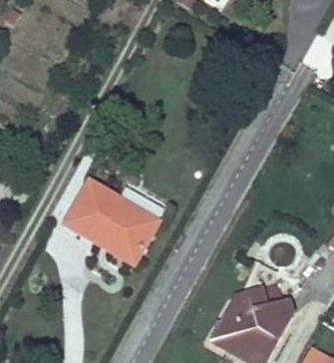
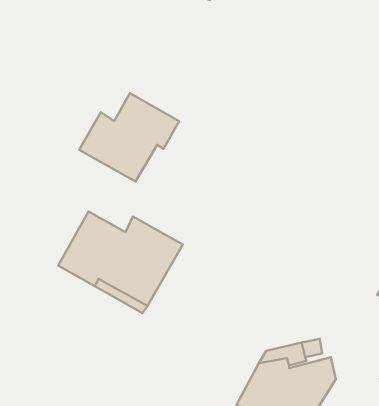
building: none -> [79,93,179,181]

